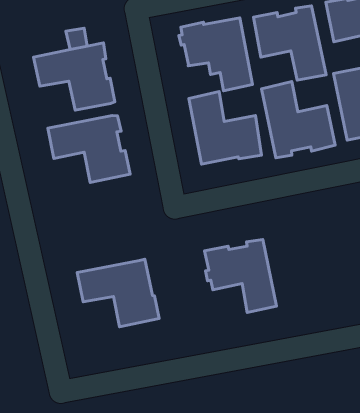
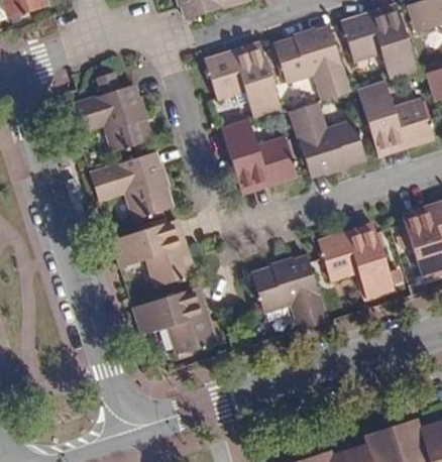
building: none -> [111,221,194,286]
building: none -> [317,227,394,299]

